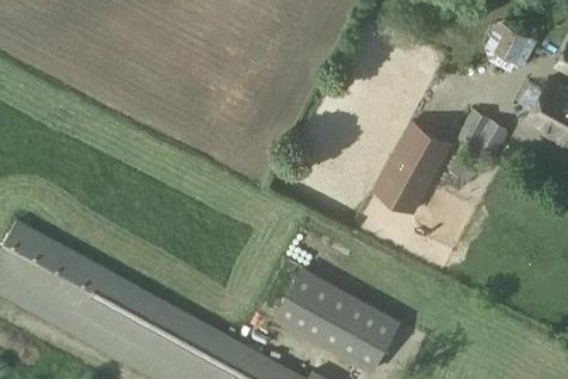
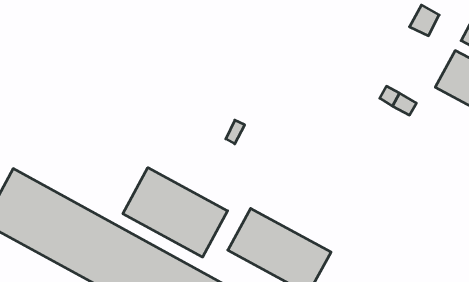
building: [375,120,451,209] -> none
building: none -> [123,168,228,257]

